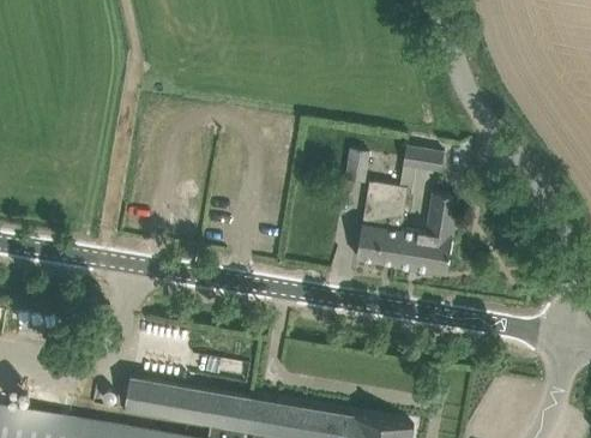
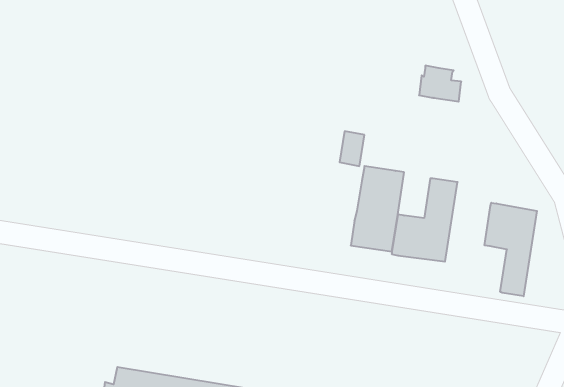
building: [402,138,442,173] -> [419,66,461,102]
building: none -> [485,203,537,296]

